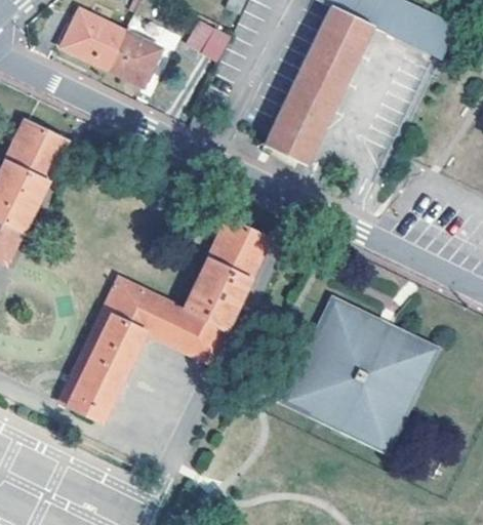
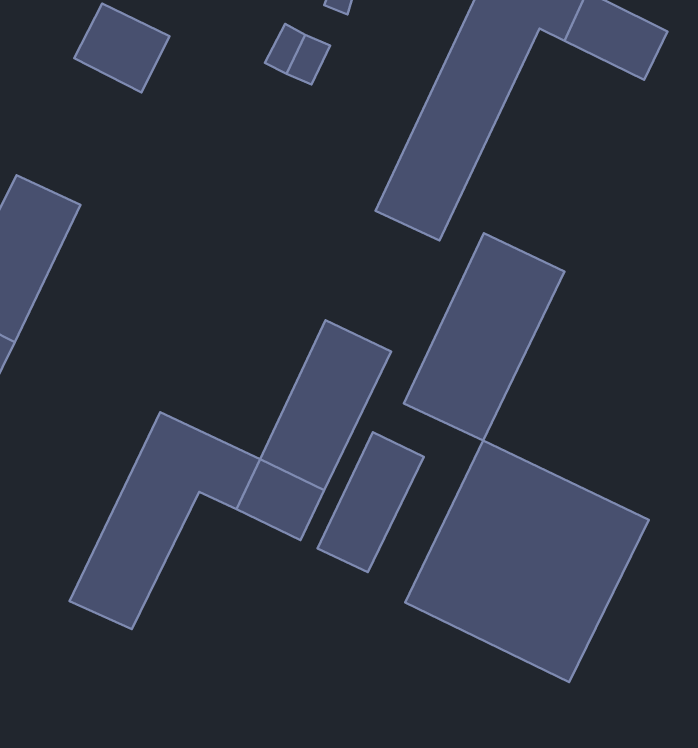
building: [108,30,163,86] -> none
building: none -> [404,233,565,440]
building: none -> [317,432,424,572]

